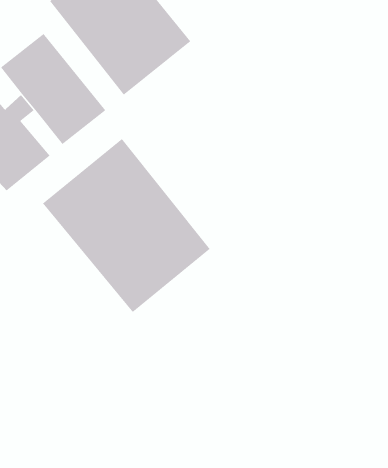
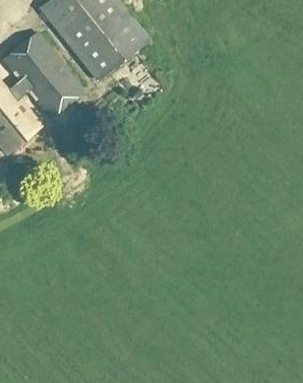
building: [42,138,211,313] -> none

